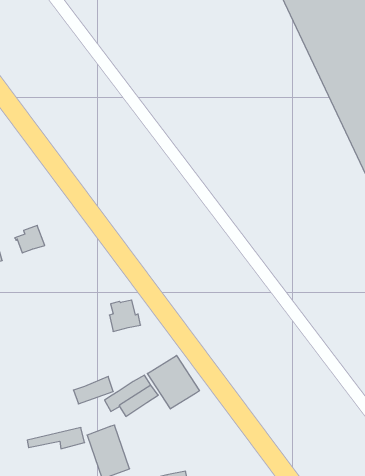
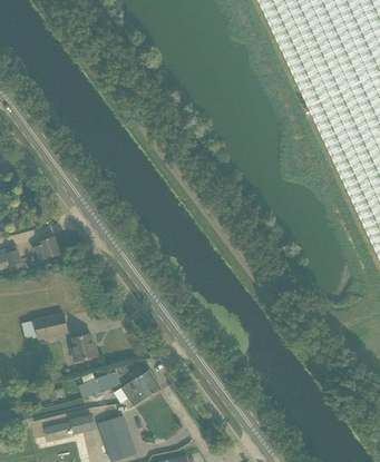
building: [109,300,141,331] -> [70,334,98,362]
building: none -> [33,313,68,338]
building: [147,355,199,409] -> none

